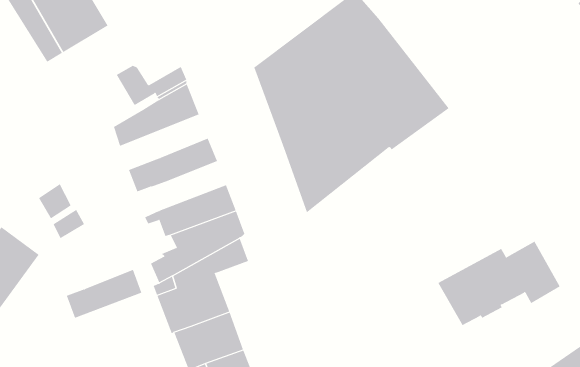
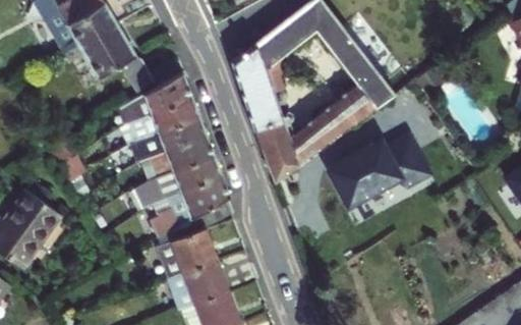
building: none -> [78,25,136,82]
building: none -> [122,99,198,146]
building: [437,241,561,326] -> [328,137,429,207]
building: [66,269,142,319] -> [151,138,214,178]

